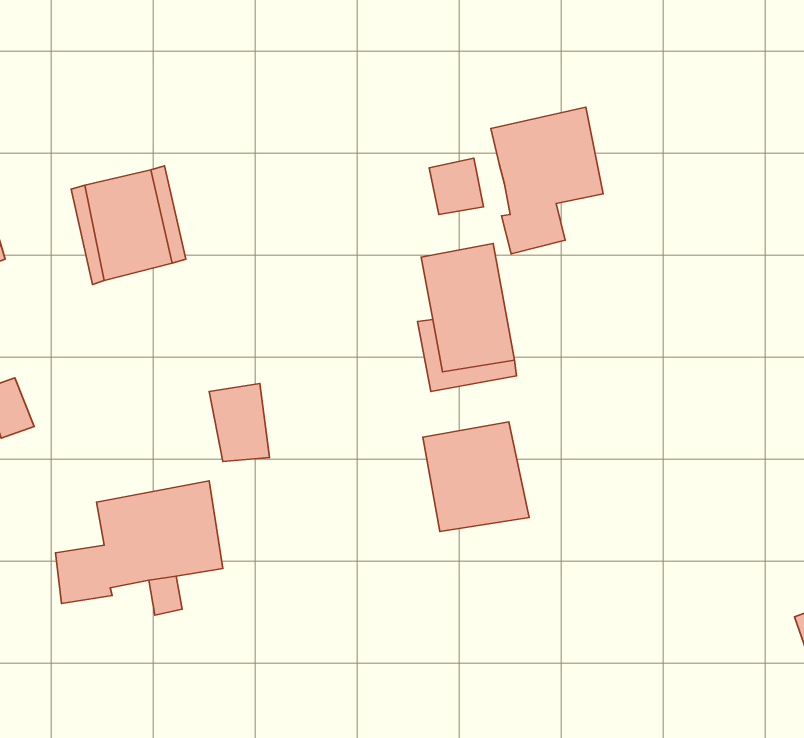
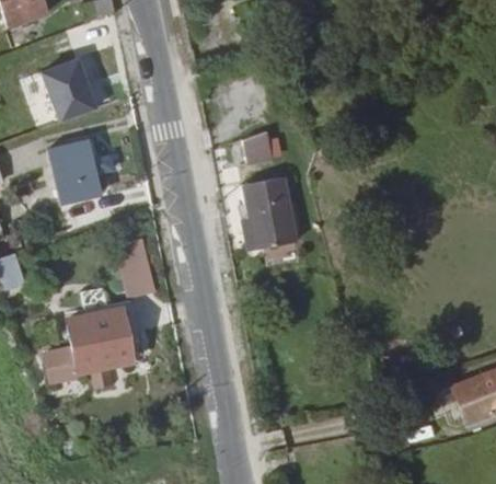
building: none -> [50,57,105,120]
building: [491,107,603,254] -> none
building: [423,422,529,532] -> none

